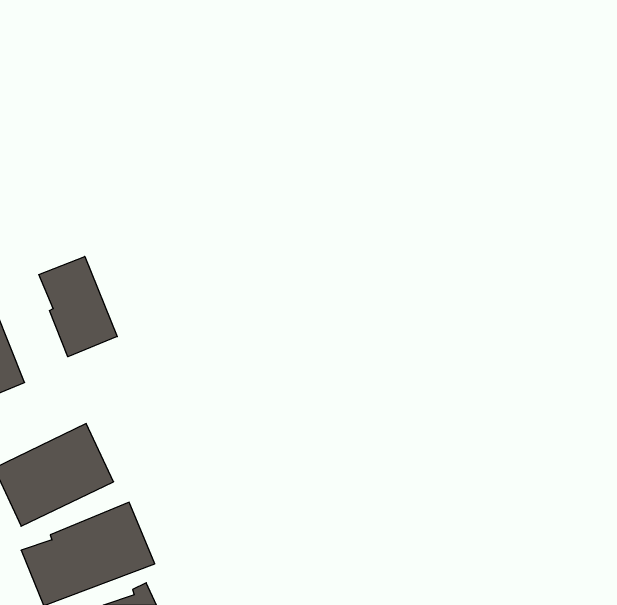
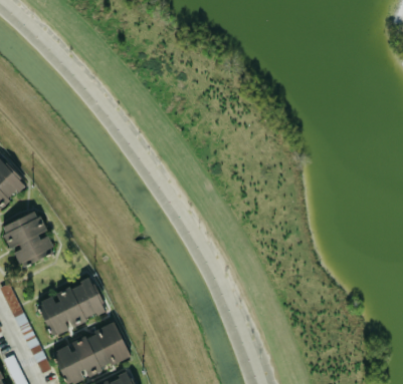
building: [39,256,117,357] -> none

